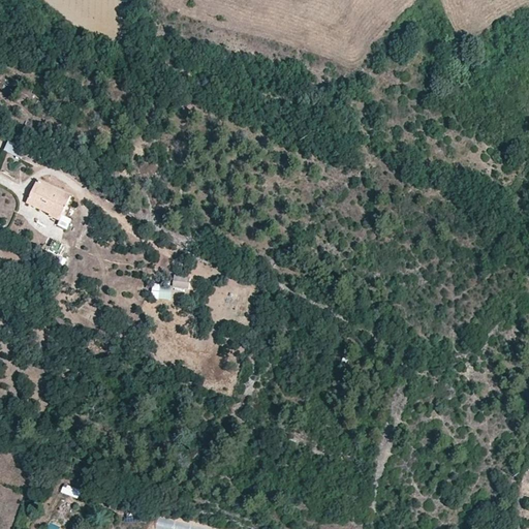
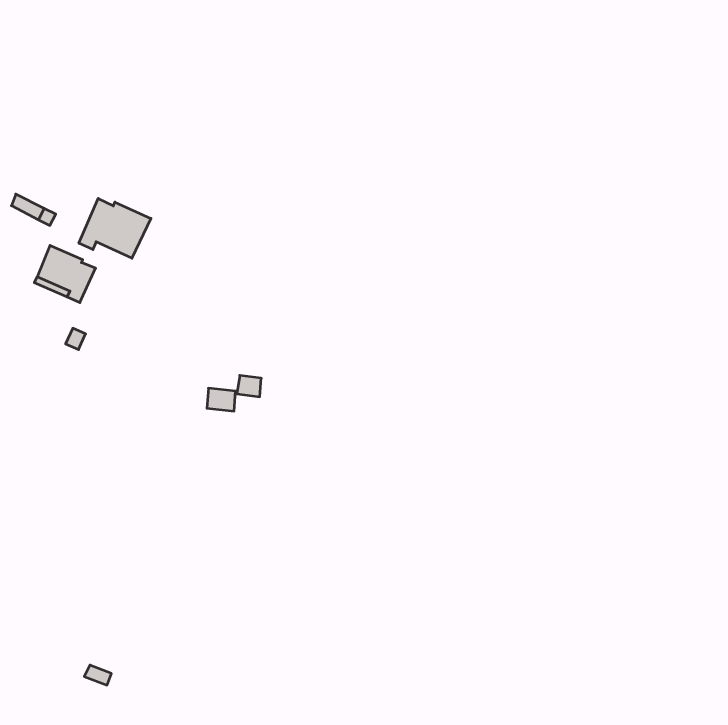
building: none -> [79,198,151,258]

